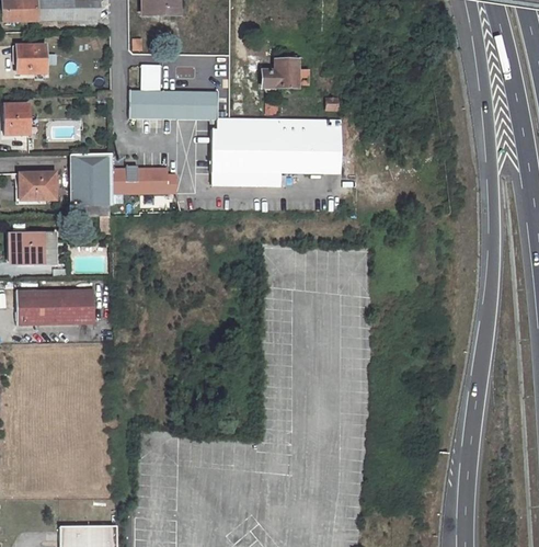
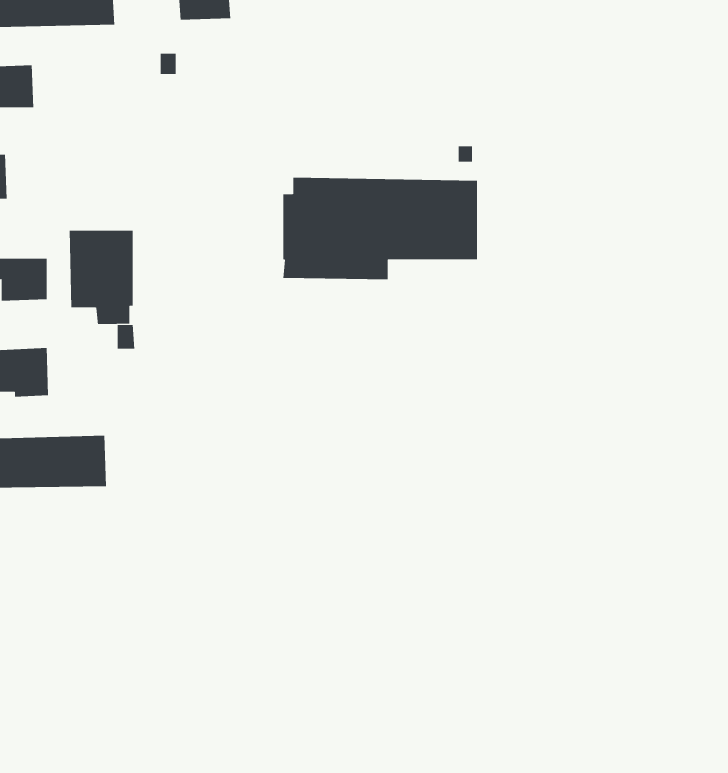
building: [262,61,308,88] -> none
building: [129,65,217,118] -> none
building: [112,166,176,202] -> none

